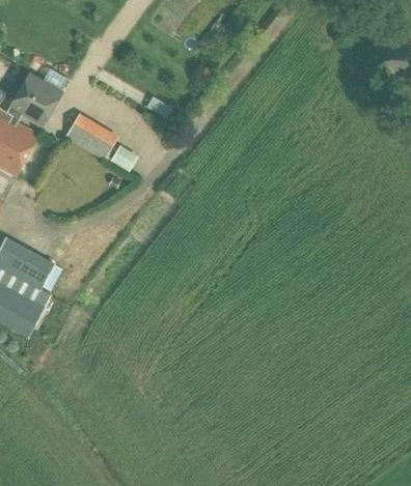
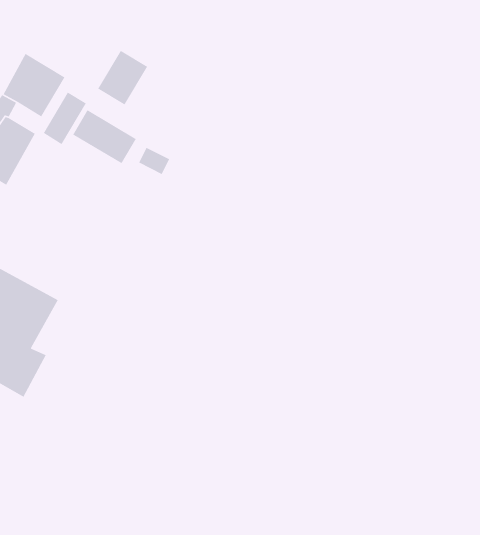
building: none -> [97,50,148,105]
building: none -> [43,92,87,145]

